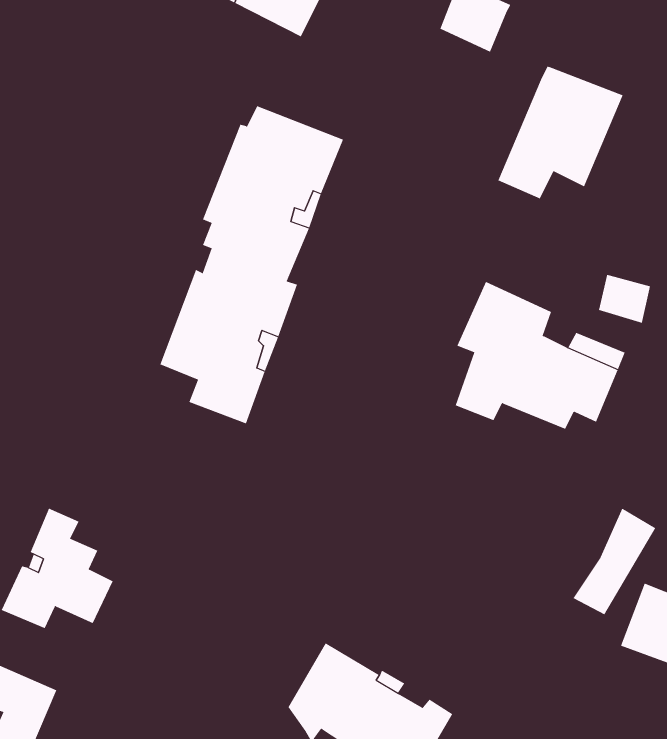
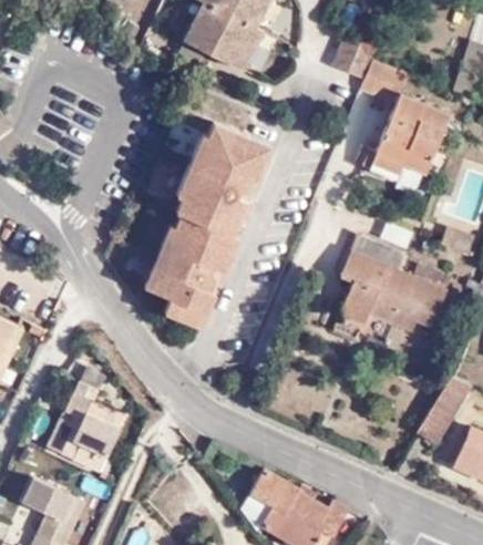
building: none -> [362,56,410,101]

